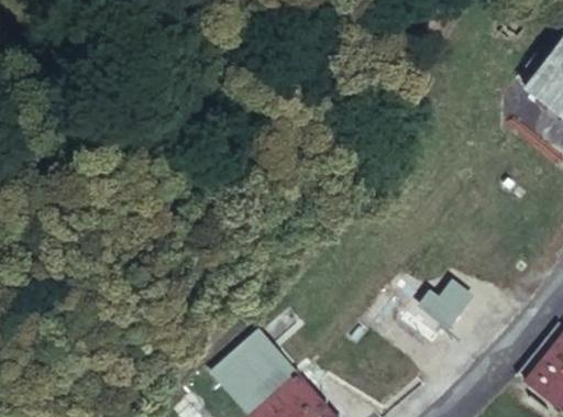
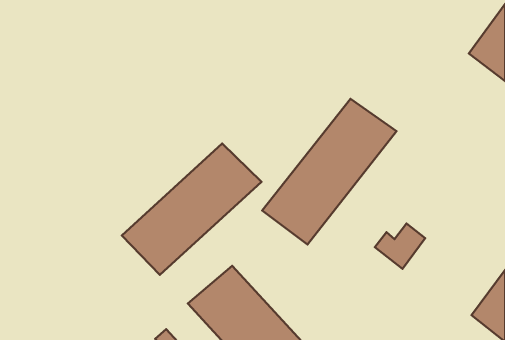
building: none -> [262,99,397,244]
building: none -> [122,143,261,275]

